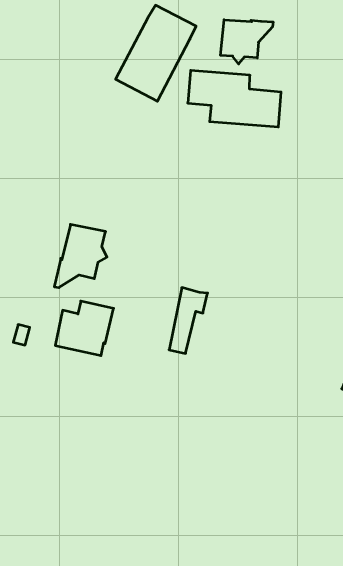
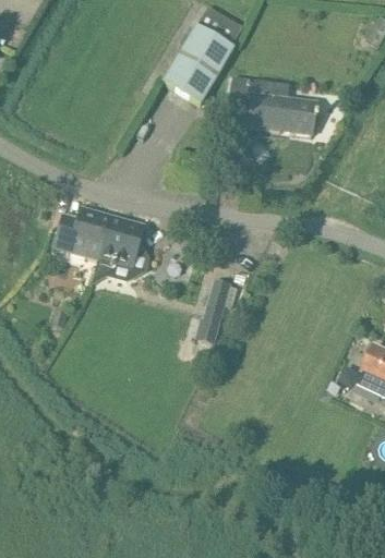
building: [221,20,273,64] -> none
building: [55,301,114,356] -> [55,206,111,258]

